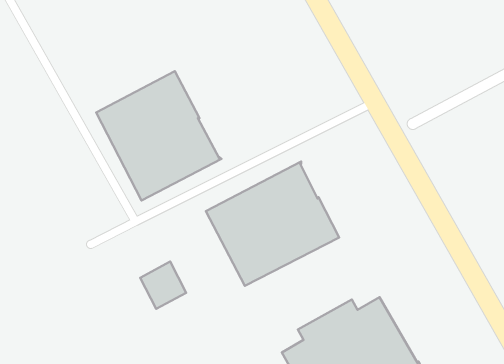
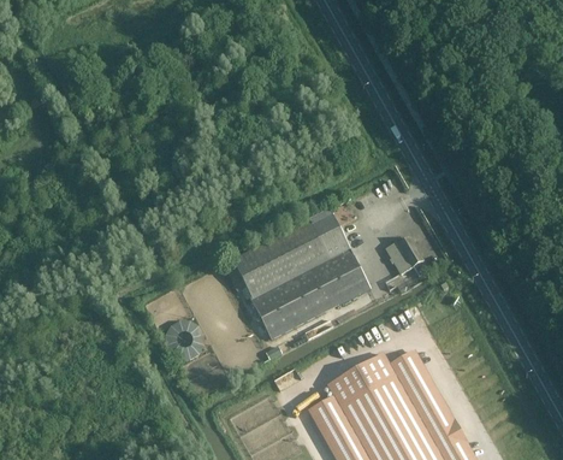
building: [96,71,222,200] -> none
building: none -> [385,237,427,276]

